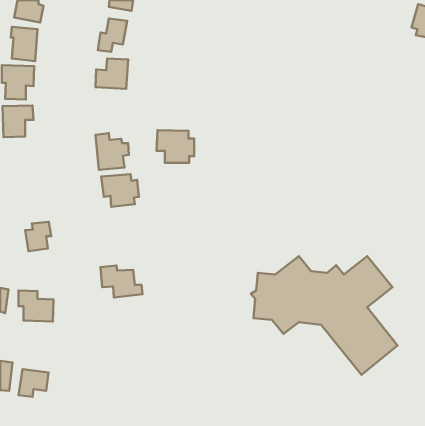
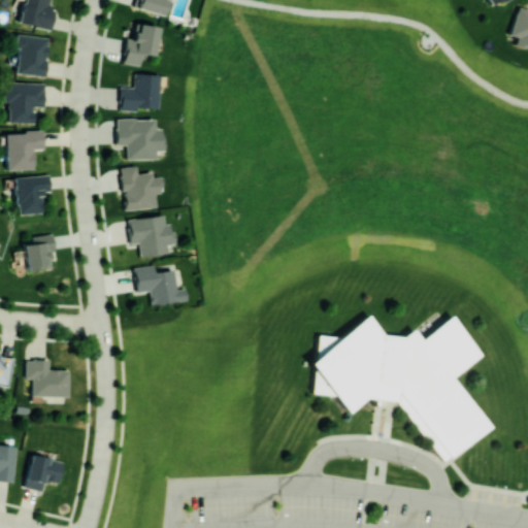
building: [157,130,194,163] -> [117,120,163,160]
building: none -> [15,176,51,216]
building: [25,222,51,251] -> [24,235,56,271]
building: [101,266,142,297] -> [135,266,187,305]

